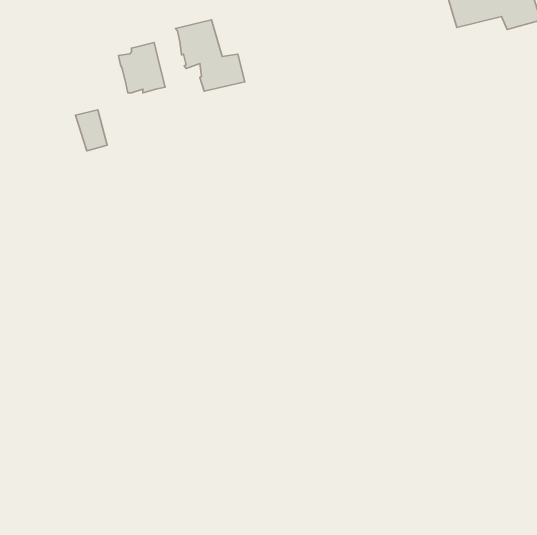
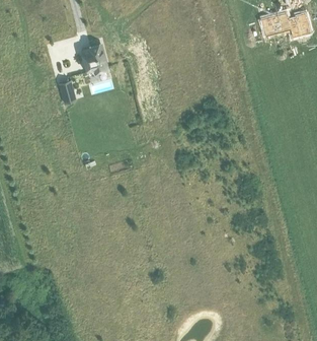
building: [176,20,245,91] -> none

